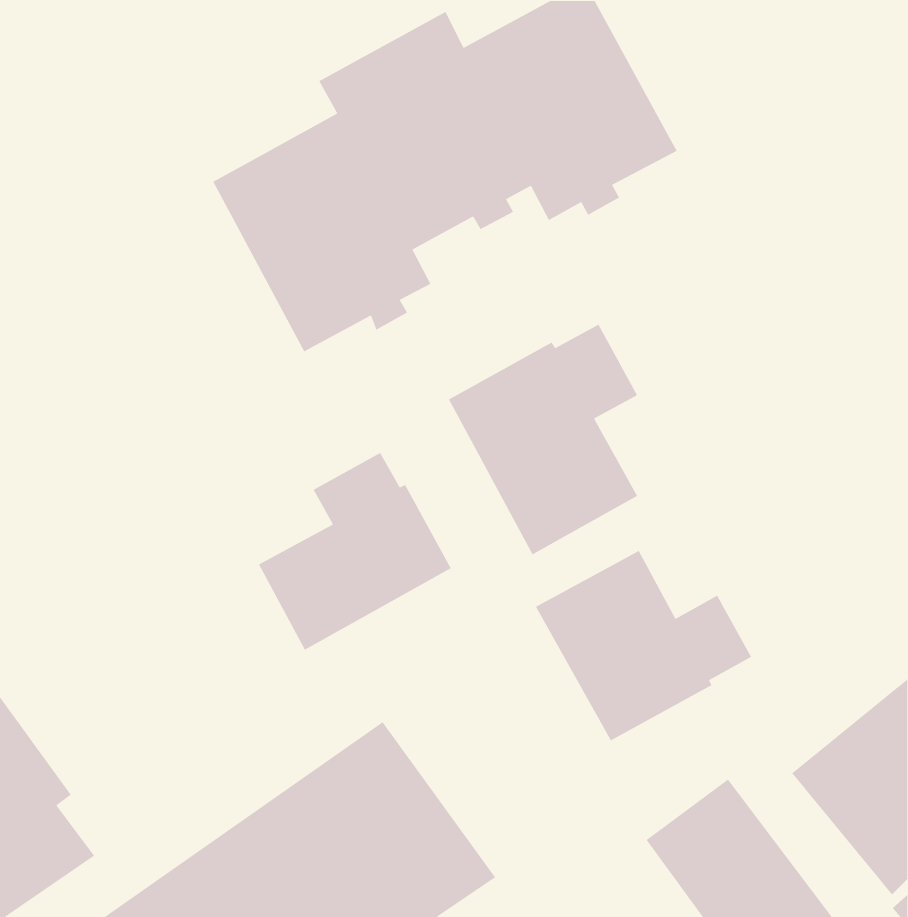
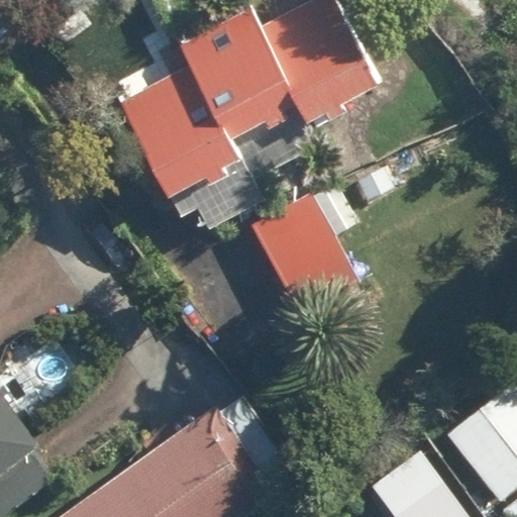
building: [258,452,452,651] -> none
building: [535,550,752,741] -> none

